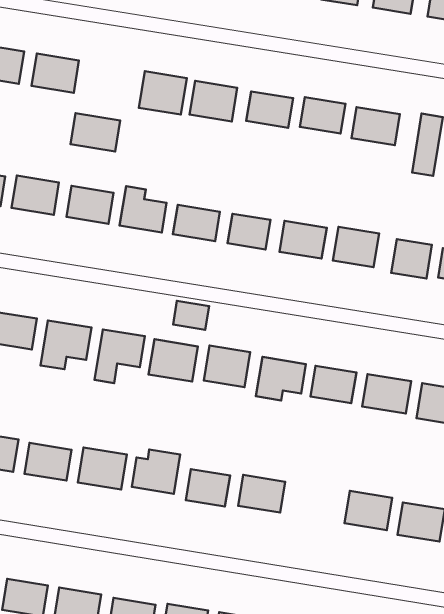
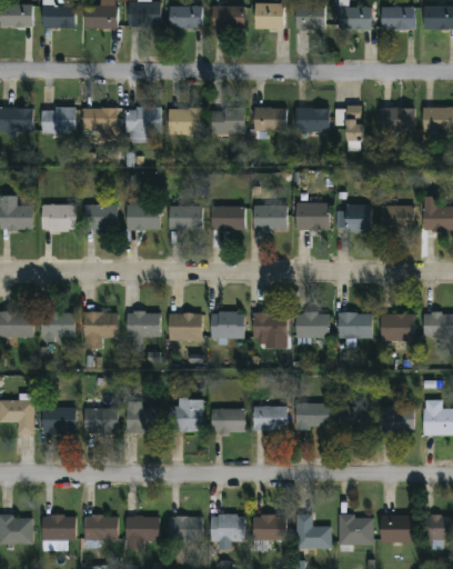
building: [70,113,120,151] -> [82,108,118,132]
building: [173,301,209,330] -> none
building: none -> [295,402,329,428]

